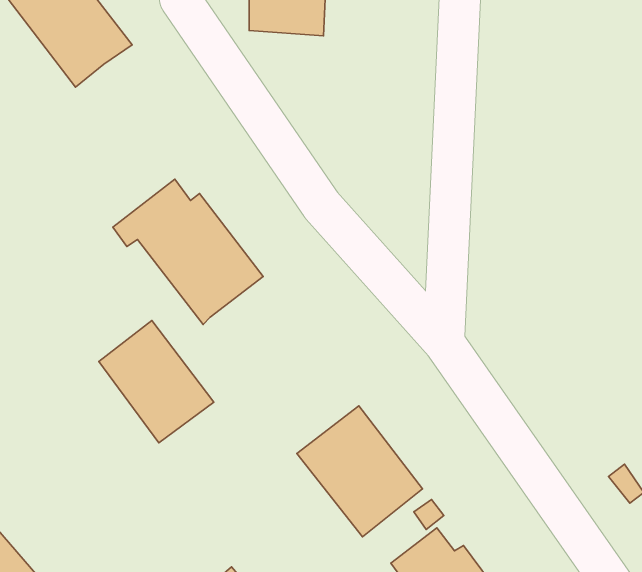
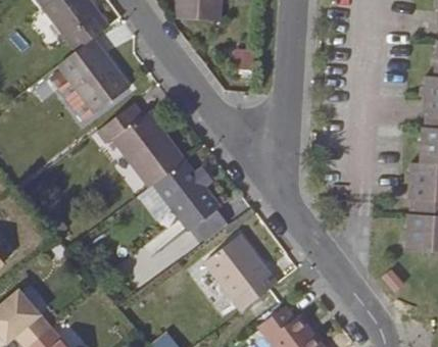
building: none -> [50,38,130,121]
building: [99,321,214,443] -> [154,160,221,231]

